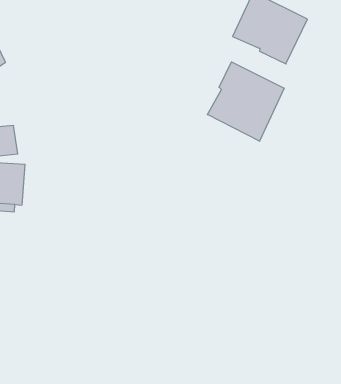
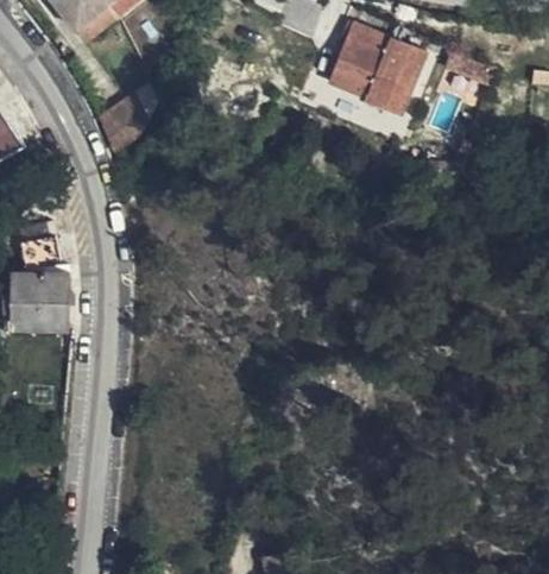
building: none -> [99,95,147,151]
building: [207,62,284,141] -> none

